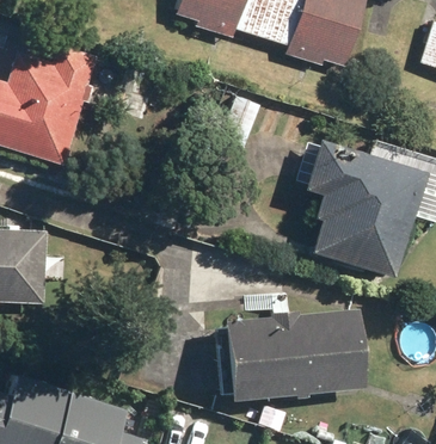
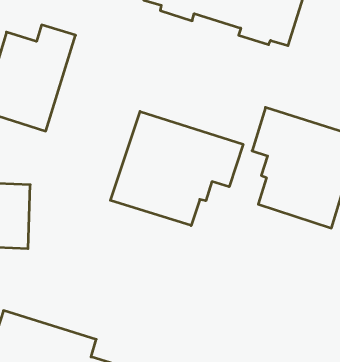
building: none -> [110,111,243,226]
building: [223,309,367,400] -> none

